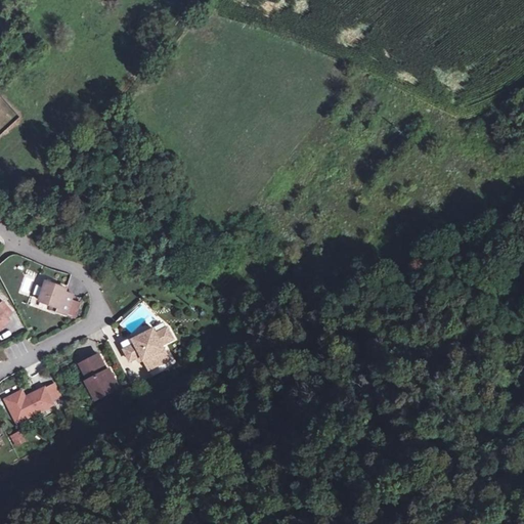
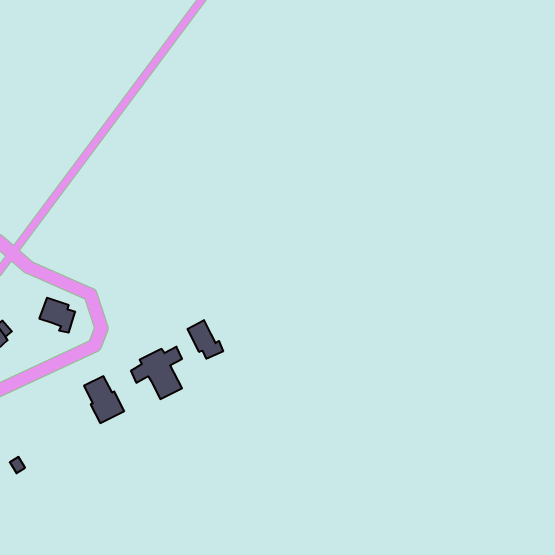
building: none -> [188,320,223,359]
building: [4,386,51,422] -> none

